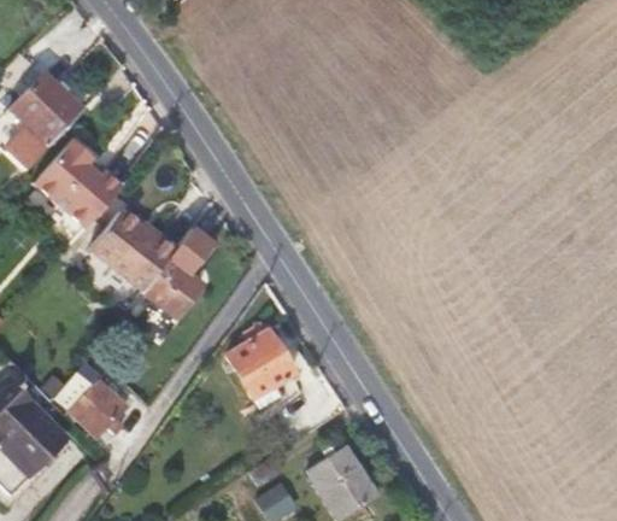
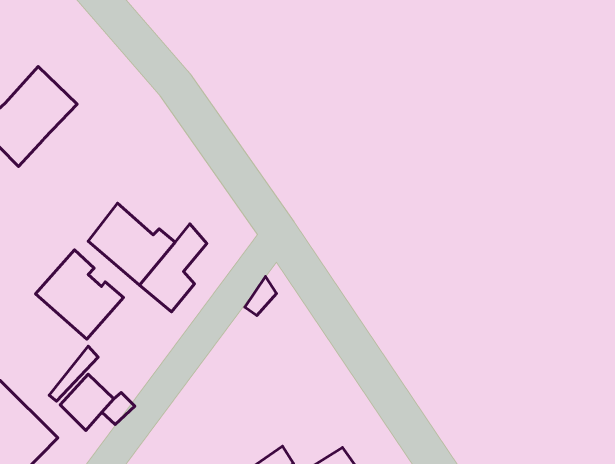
building: [40,141,127,229] -> [35,250,124,339]
building: [229,333,295,402] -> none

